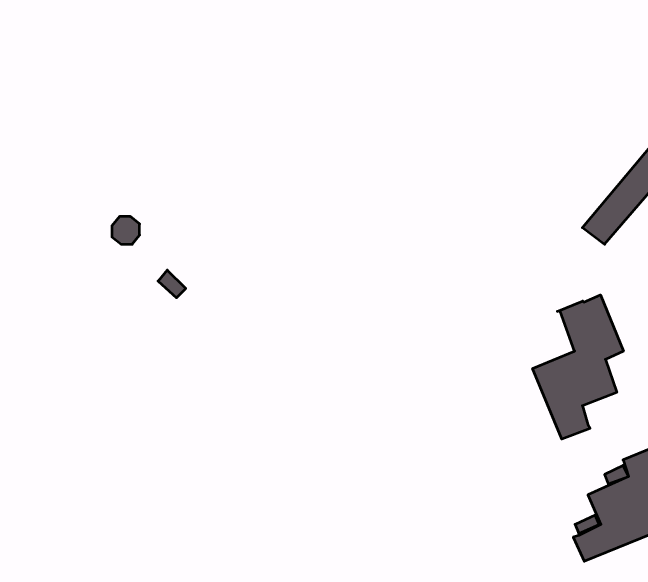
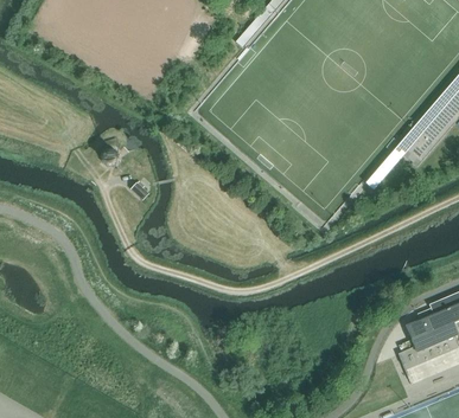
building: [533,295,623,439] -> none

